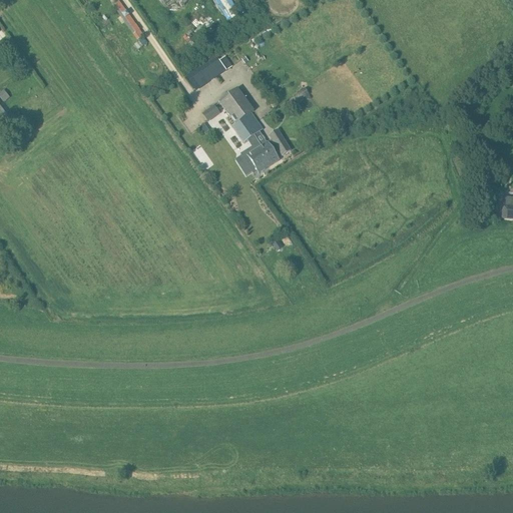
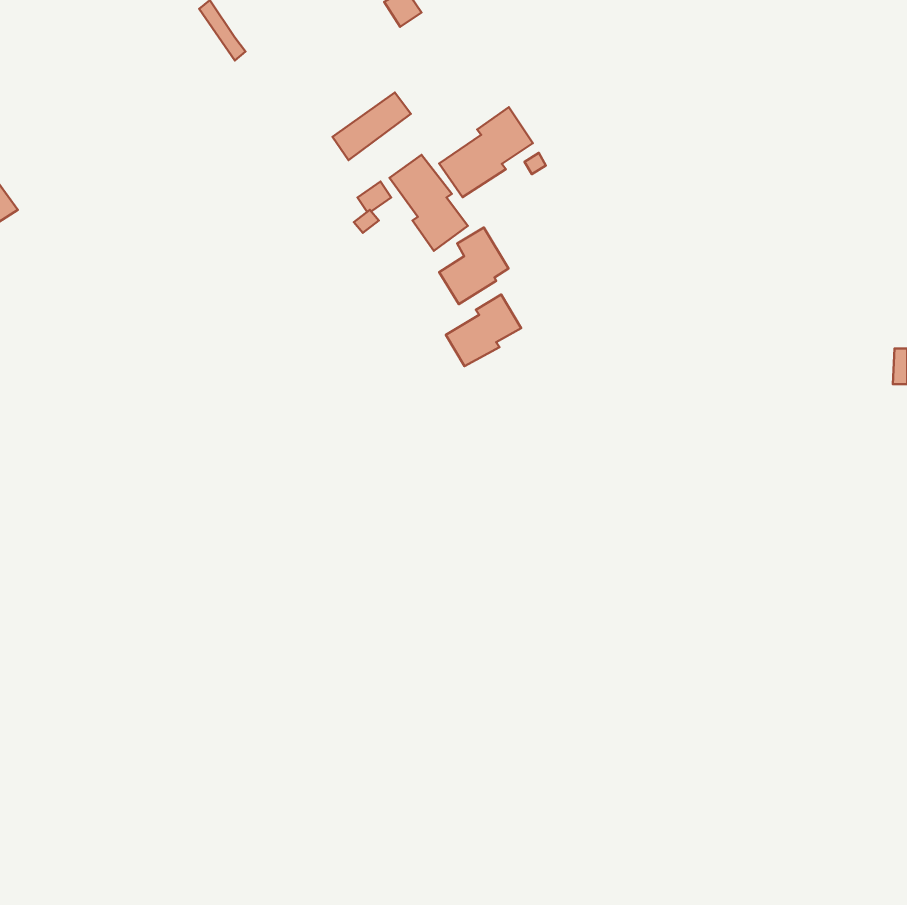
building: none -> [439,107,533,197]
building: none -> [446,295,521,366]

